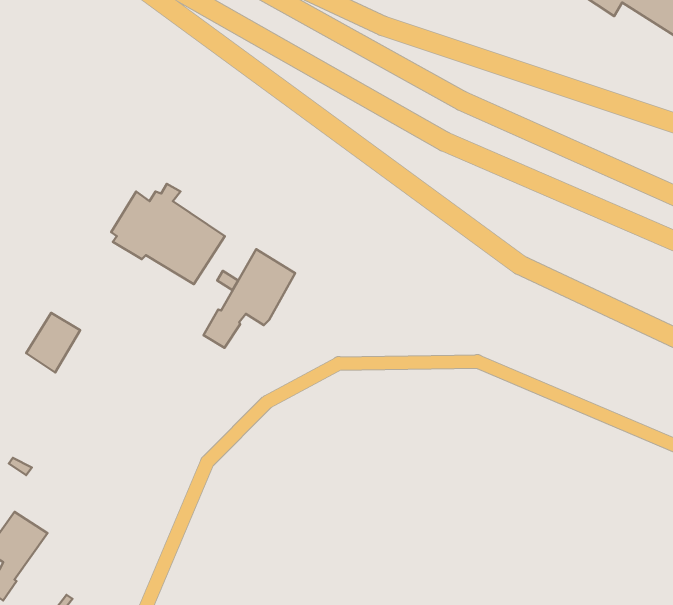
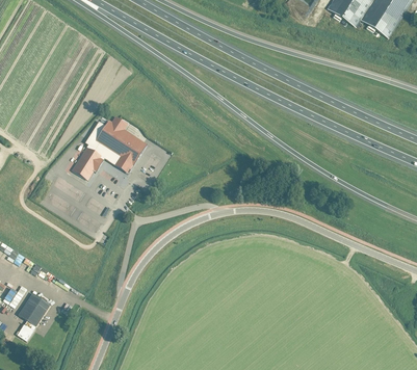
building: [204,249,295,348] -> none
building: [26,313,80,373] -> [72,148,101,180]

